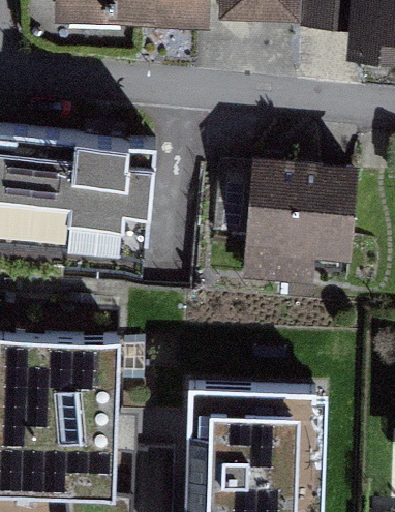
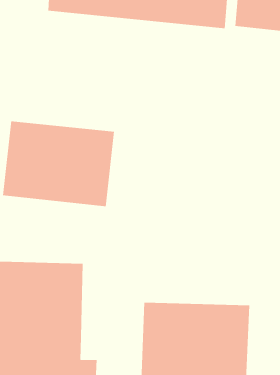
building: [247,172,358,282] -> none

